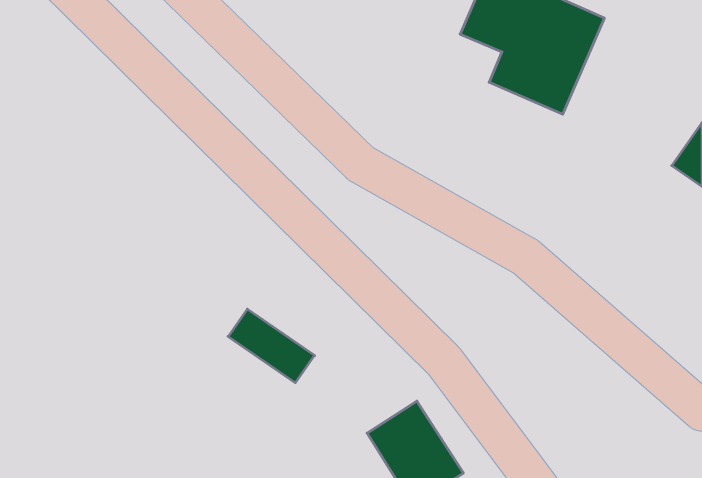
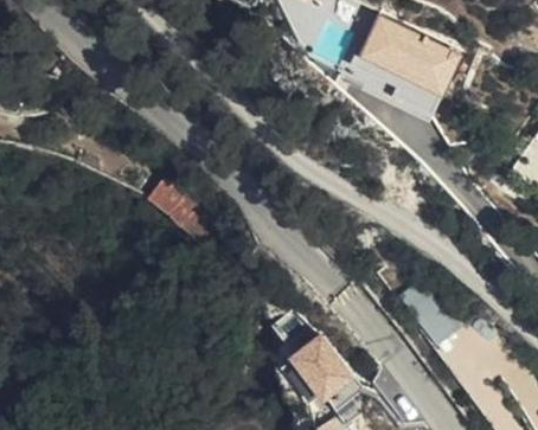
building: [228,309,315,383] -> [146,180,210,235]

